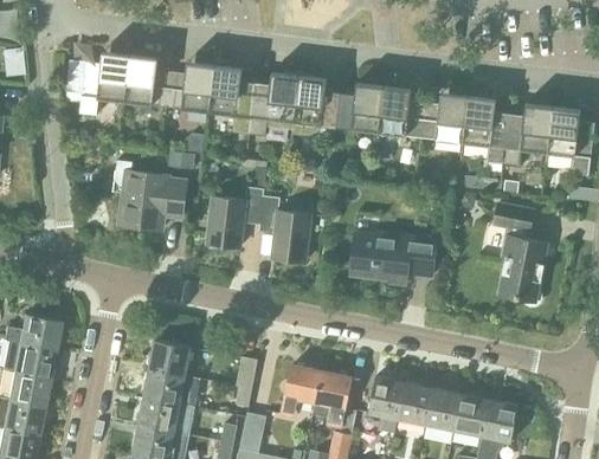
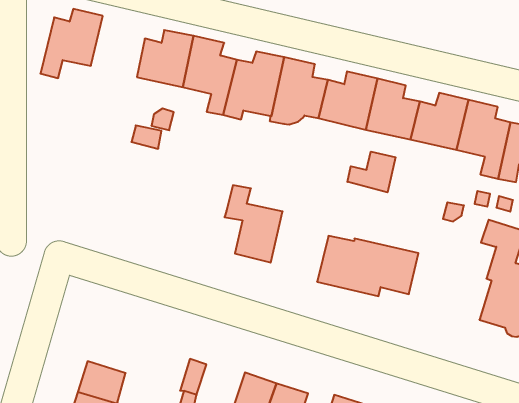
building: [124,56,170,108] -> none
building: none -> [347,152,396,192]
building: [114,161,187,230] -> none
building: [206,161,268,248] -> none
building: [149,340,191,376] -> none

